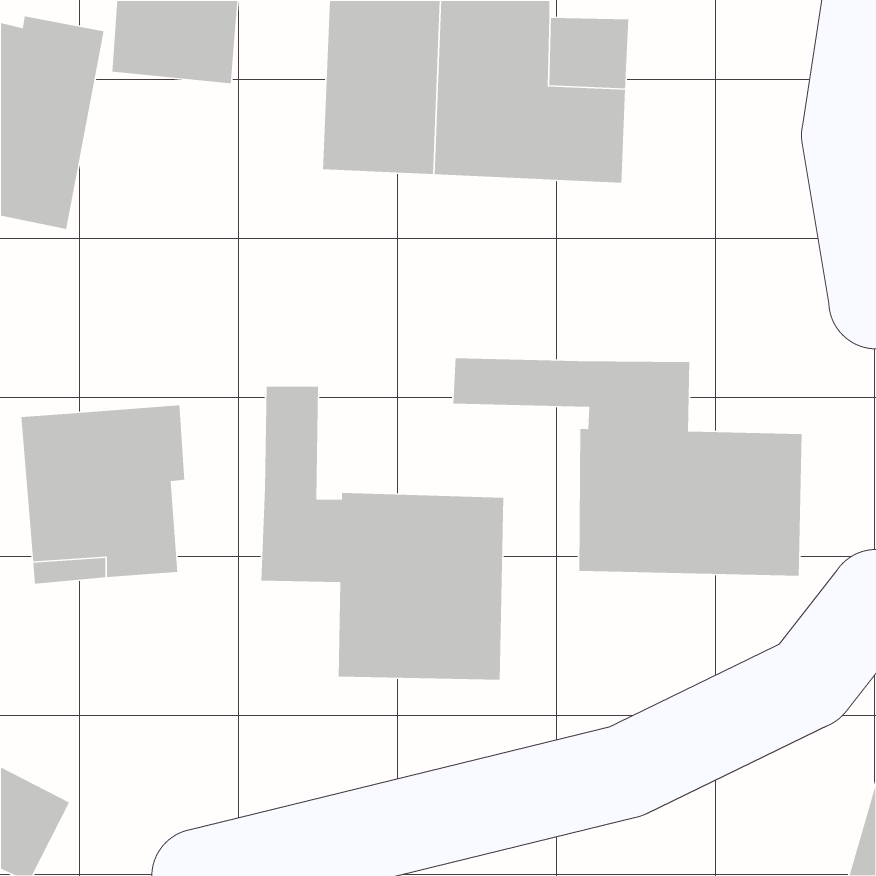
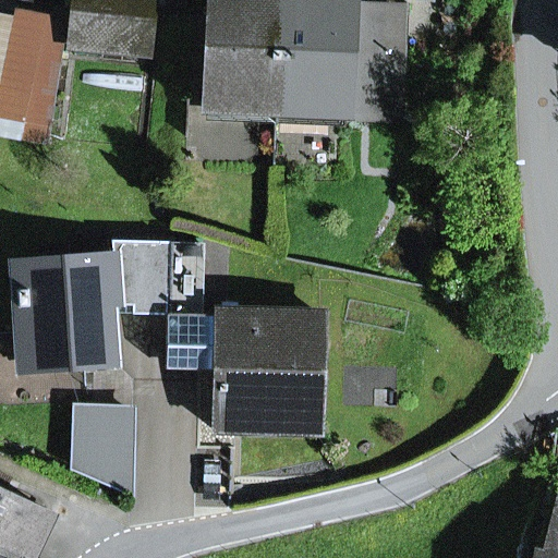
building: [452,357,802,576] -> none
building: none -> [41,243,169,311]
building: none -> [74,411,131,492]

